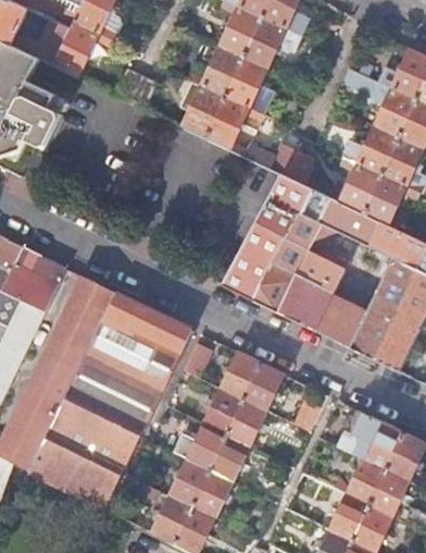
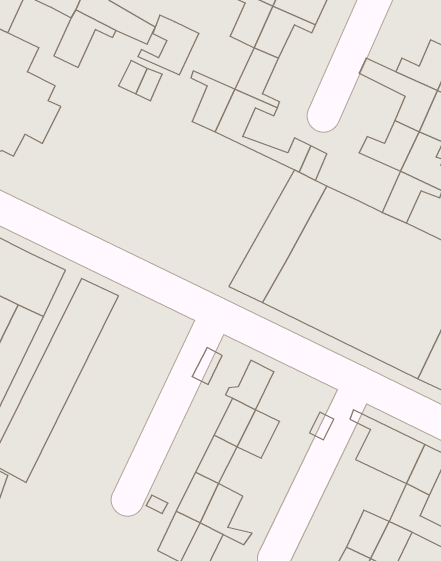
building: [14,19,70,64] -> none
building: [185,39,242,96] -> [138,15,199,75]
building: [338,156,380,212] -> none
building: [27,291,192,508] -> none
building: [243,362,284,409] -> none
building: [209,433,249,480] -> none
building: [346,457,386,504] -> none

